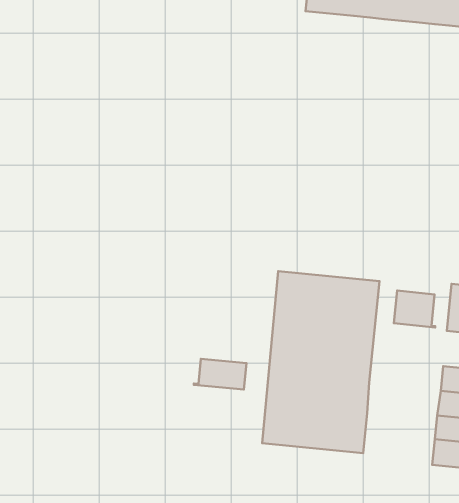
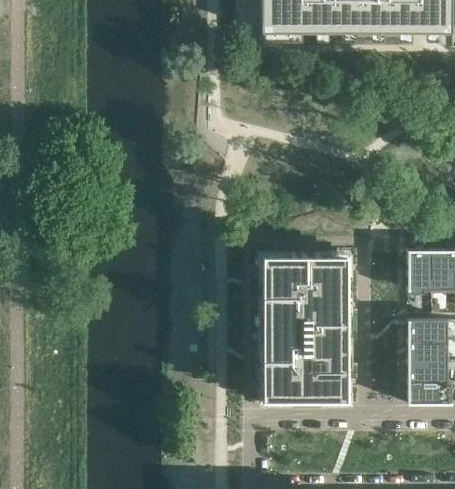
building: [394,291,435,327] -> none
building: [194,359,246,389] -> none

